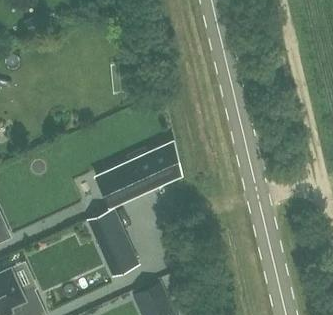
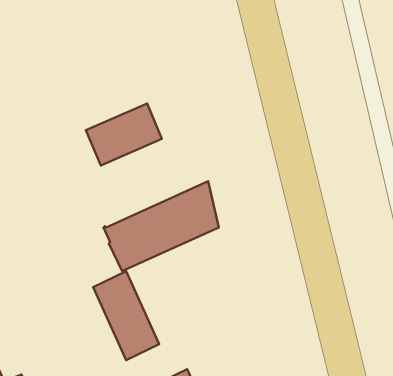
building: none -> [86,103,162,166]

